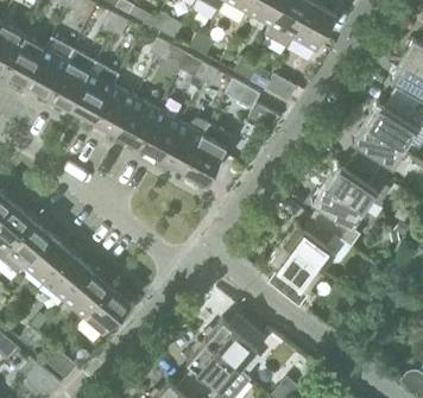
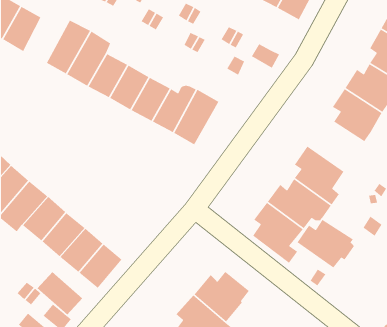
building: [26,37,75,96] -> none
building: [326,158,387,210] -> [296,219,355,269]
building: none -> [37,271,83,315]

